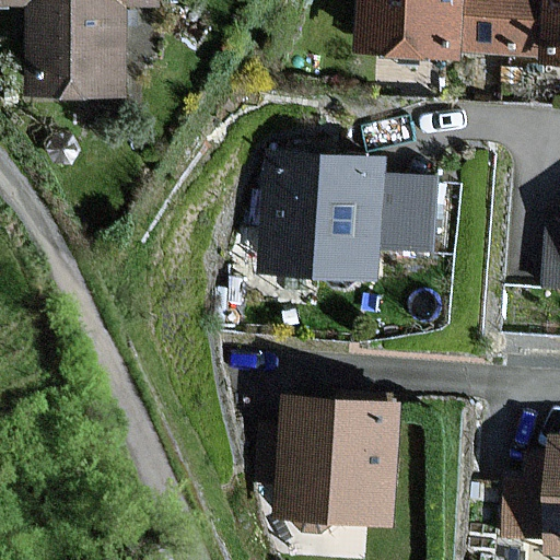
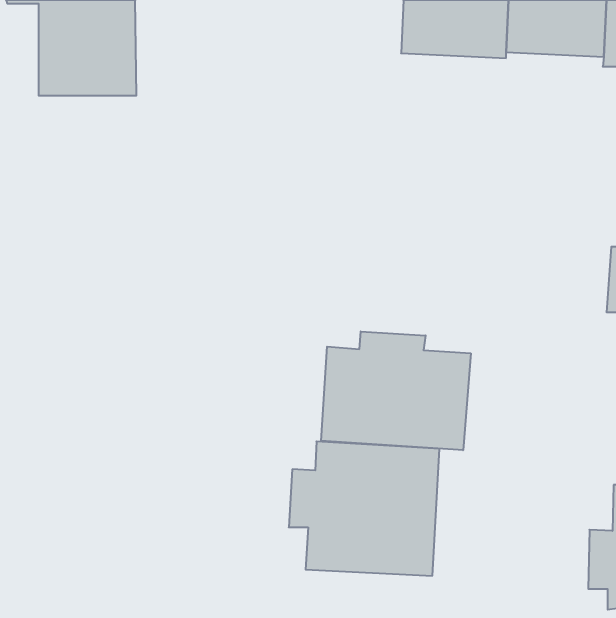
building: [266,151,433,275] -> none
building: none -> [321,331,471,450]

